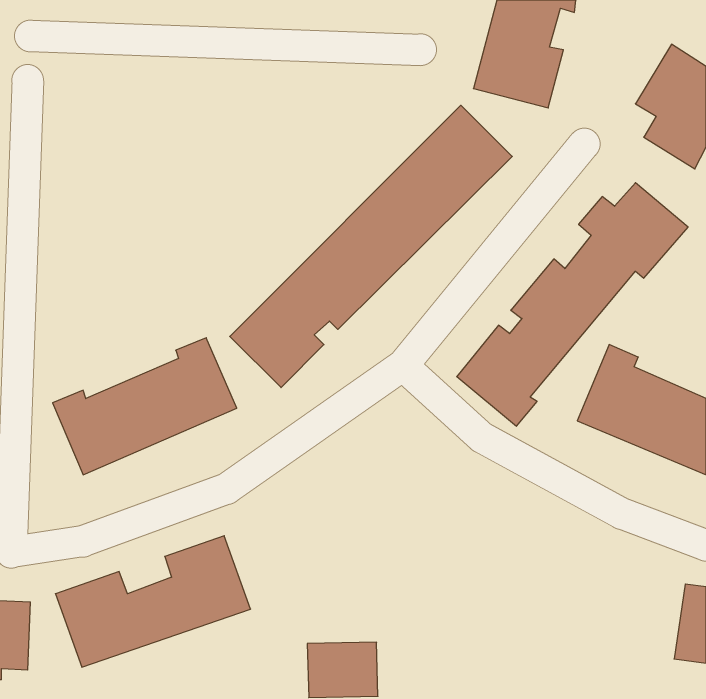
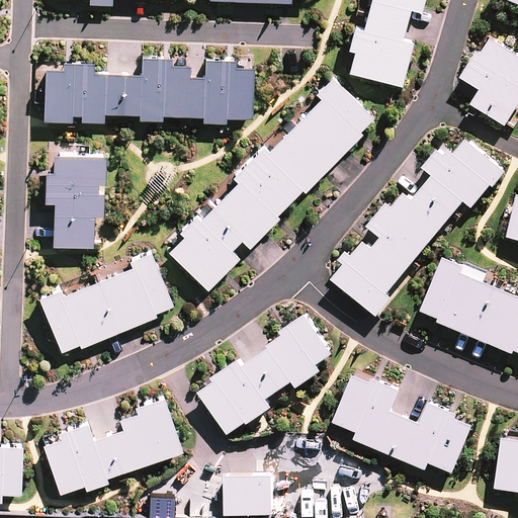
building: none -> [36,48,240,115]
building: none -> [31,148,96,238]
building: none -> [199,318,334,439]
building: none -> [334,372,474,473]

